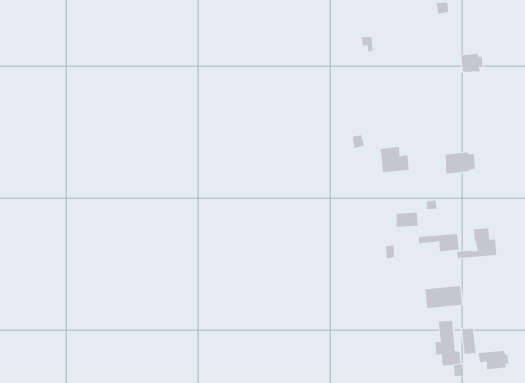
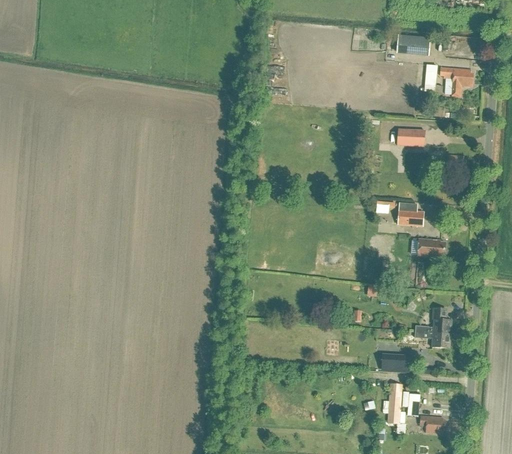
building: none -> [396,128,424,145]
building: [379,147,410,172] -> [398,201,423,224]
building: [418,234,459,252] -> [414,330,450,347]

